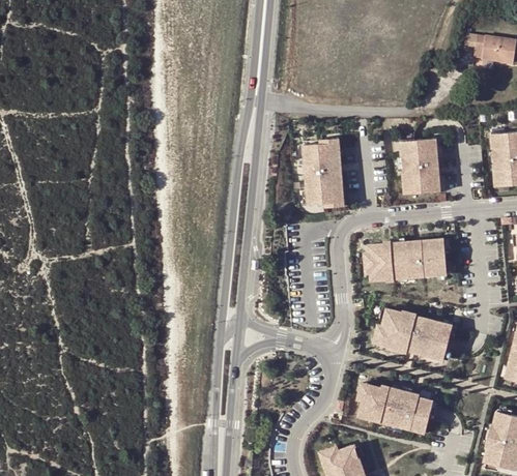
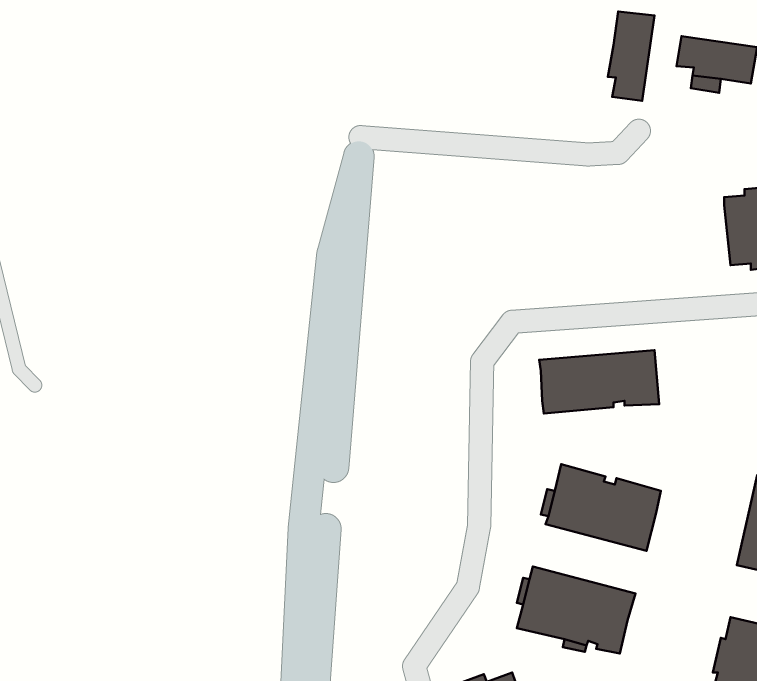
building: none -> [608,11,655,101]
building: [402,137,441,191] -> none
building: [306,144,346,202] -> none

